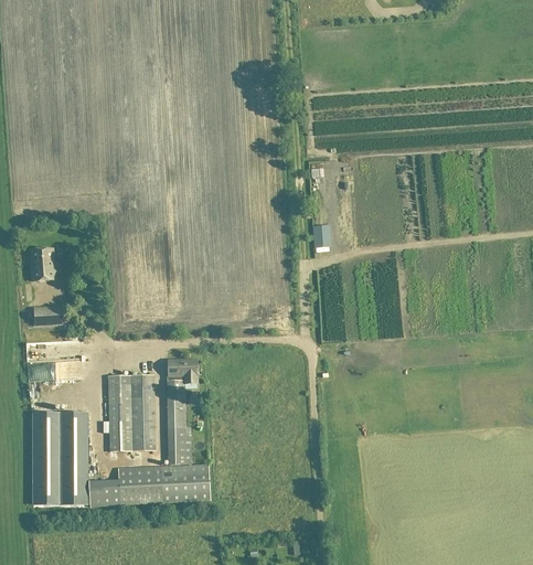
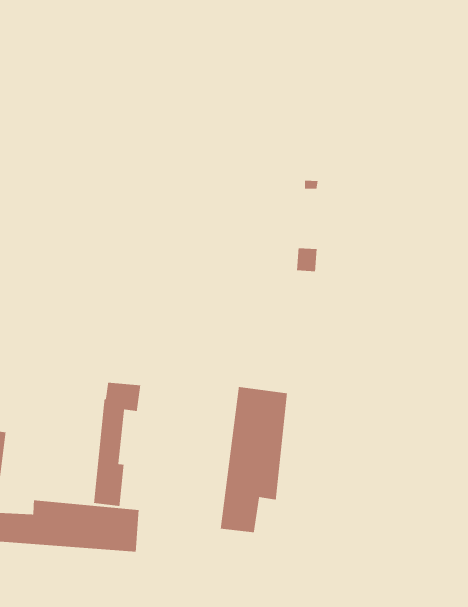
building: none -> [220,386,288,533]
building: [108,375,156,451] -> none

